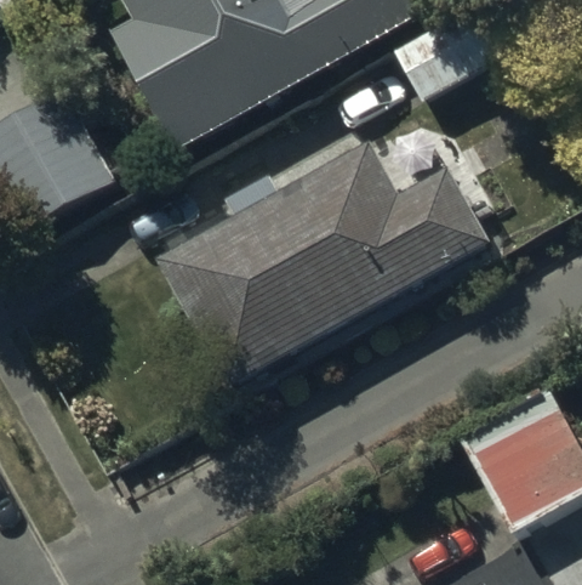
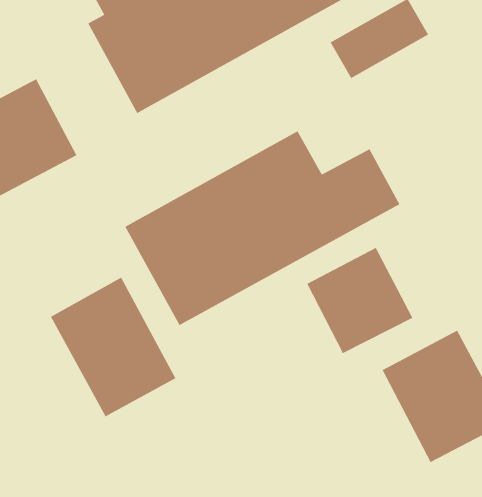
building: none -> [306,247,413,354]
building: none -> [50,277,177,417]

